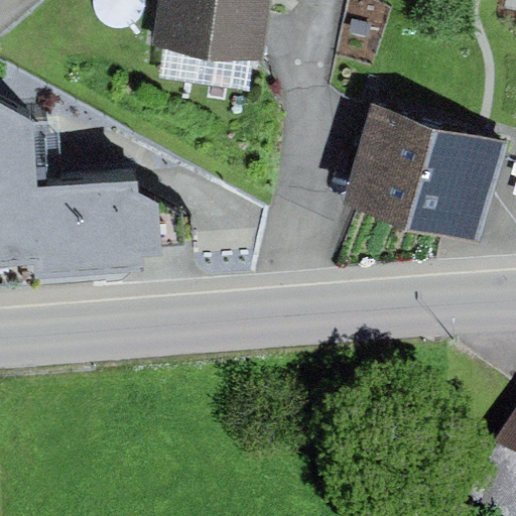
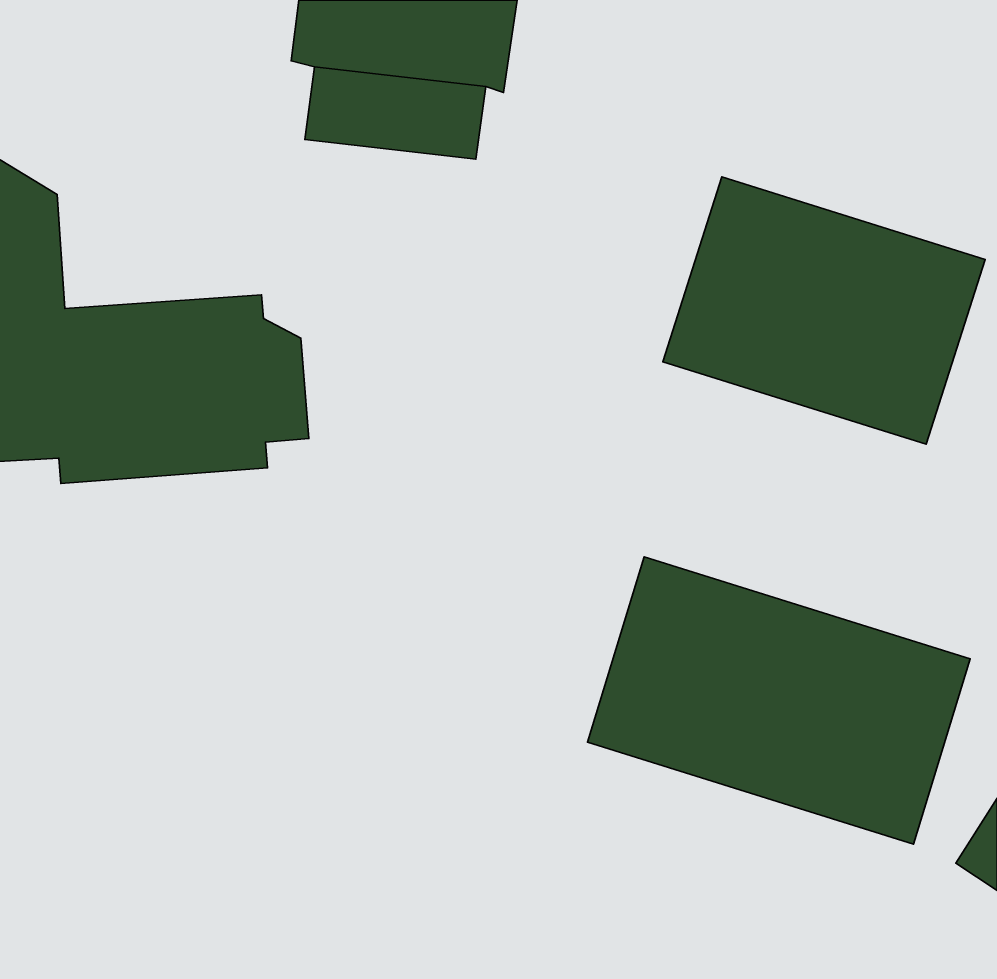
building: none -> [588,557,970,844]

